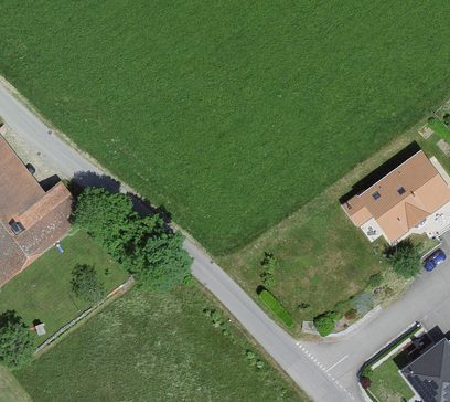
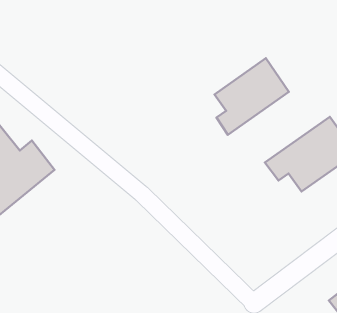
building: none -> [214,58,289,135]

